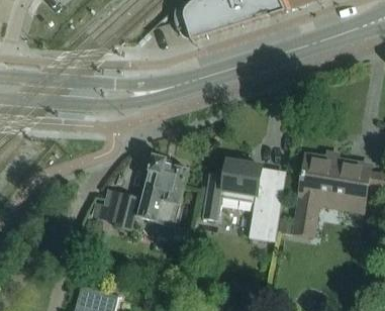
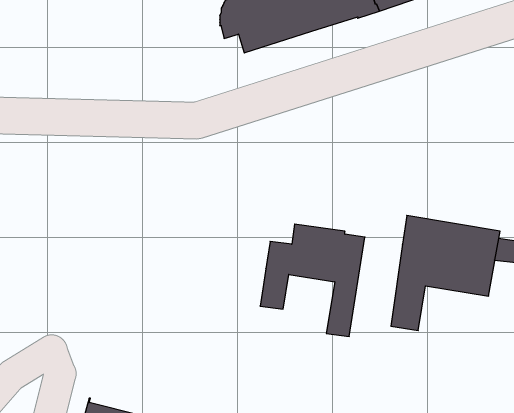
building: [100,157,188,229] -> none

